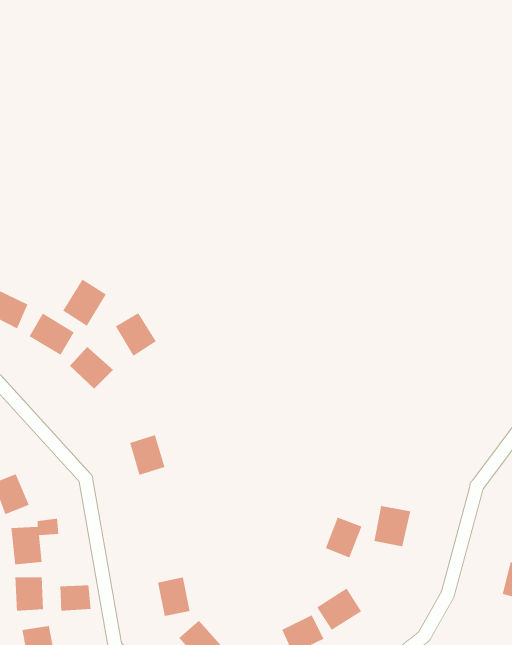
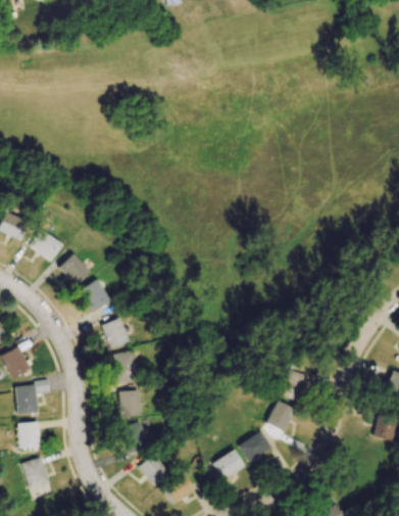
building: [62,278,107,327] -> none
building: [115,312,157,357] -> [80,279,110,312]
building: none -> [112,350,138,380]
building: [325,517,362,558] -> [267,401,295,431]
building: none -> [119,390,141,417]
building: [60,585,91,611] -> none

